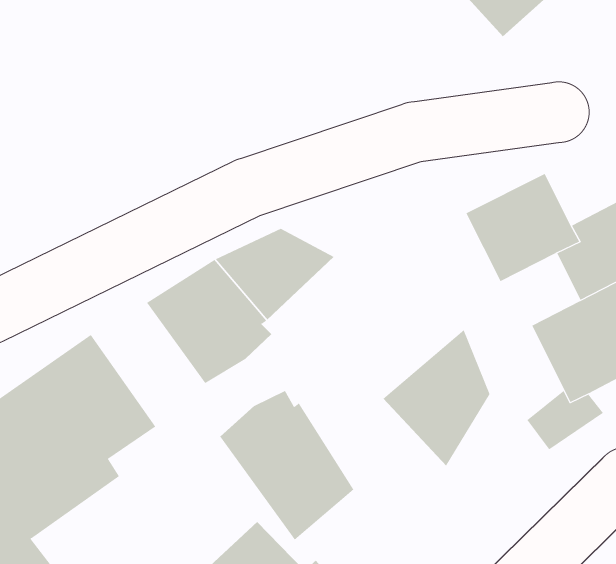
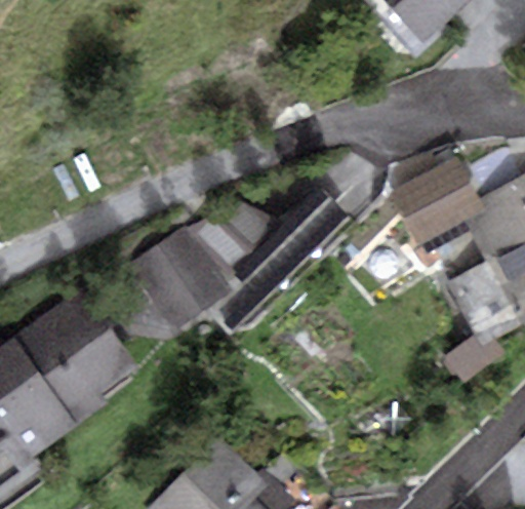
building: none -> [209,189,350,331]
building: [382,329,490,466] -> none
building: [219,390,354,541] -> none

